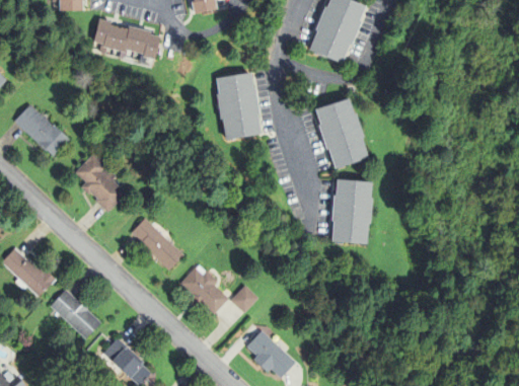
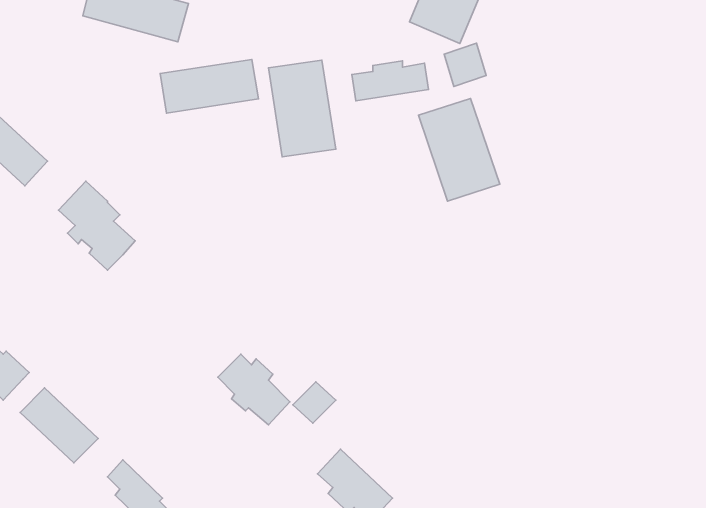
building: none -> [444,43,486,87]
building: none -> [160,59,258,113]
building: none -> [352,61,429,101]
building: [329,176,371,241] -> none
building: [133,218,184,271] -> none

